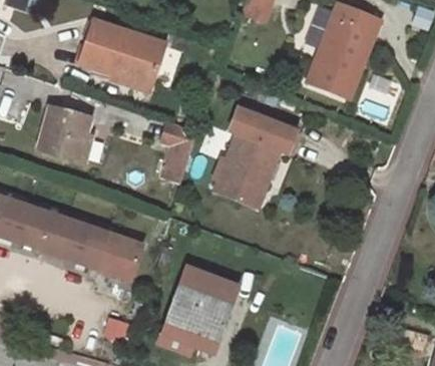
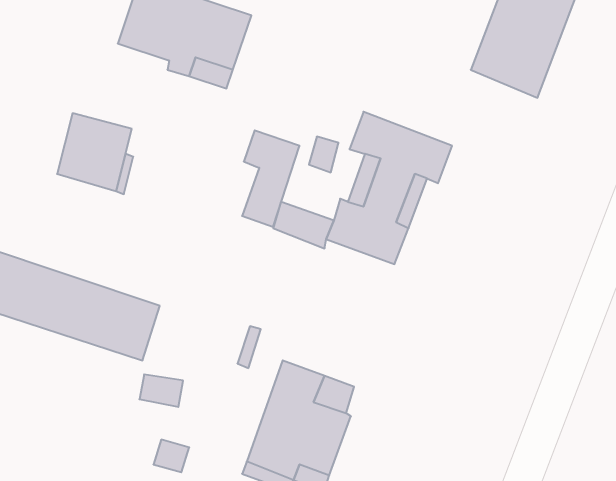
building: [95,232,140,279] -> none

